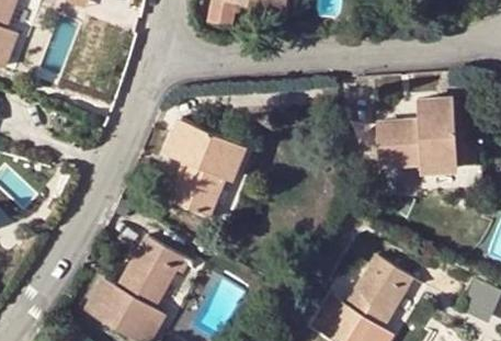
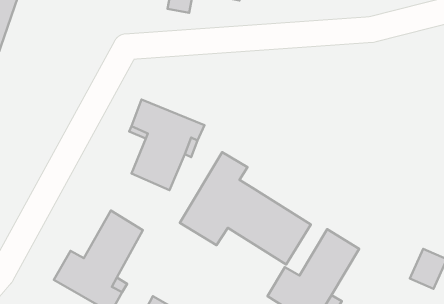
building: [376,98,456,169] -> none
building: none -> [180,152,311,264]

